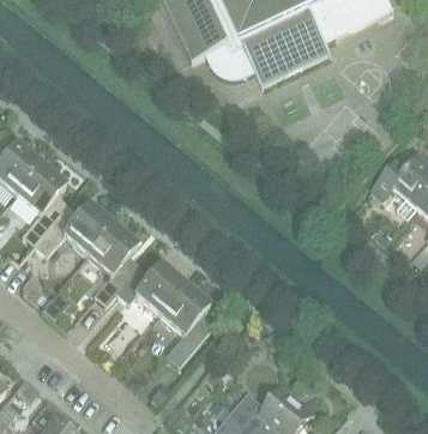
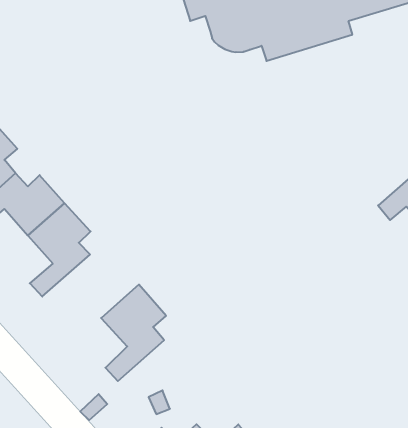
building: [104,264,183,315] -> none

